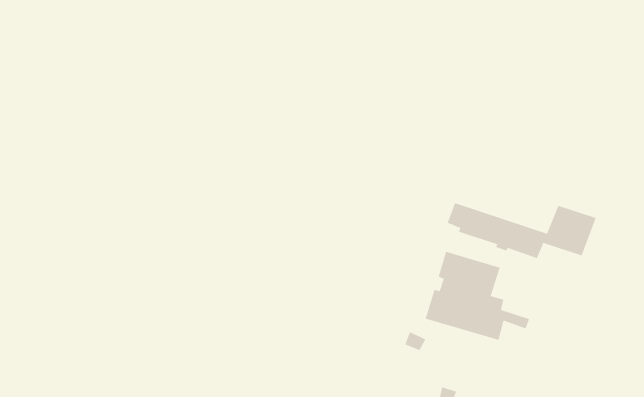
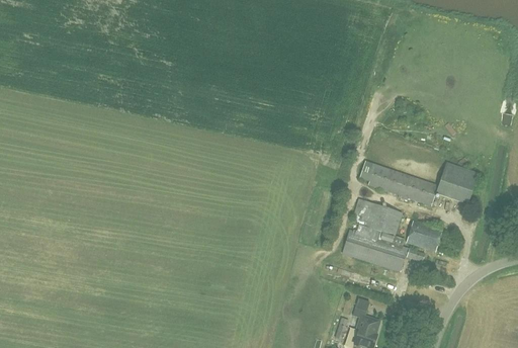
building: none -> [407,221,442,251]

